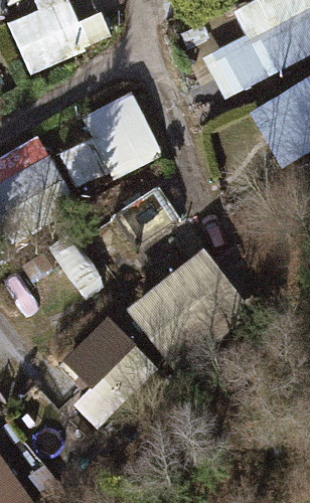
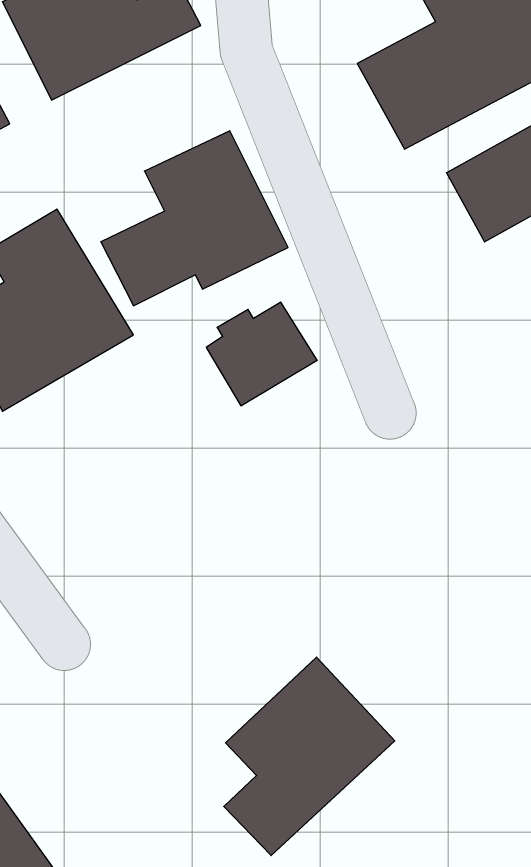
building: [135,260,238,361] -> none
building: [66,326,161,436] -> [224,657,395,856]

